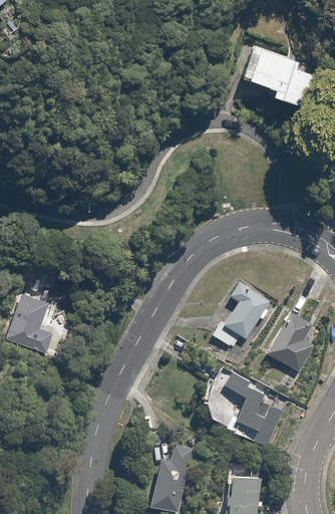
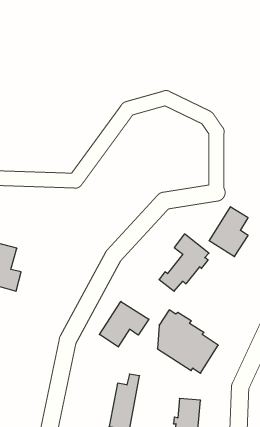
building: [243,45,321,108] -> none
building: [269,312,315,371] -> [209,207,248,257]
building: none -> [99,301,149,347]

